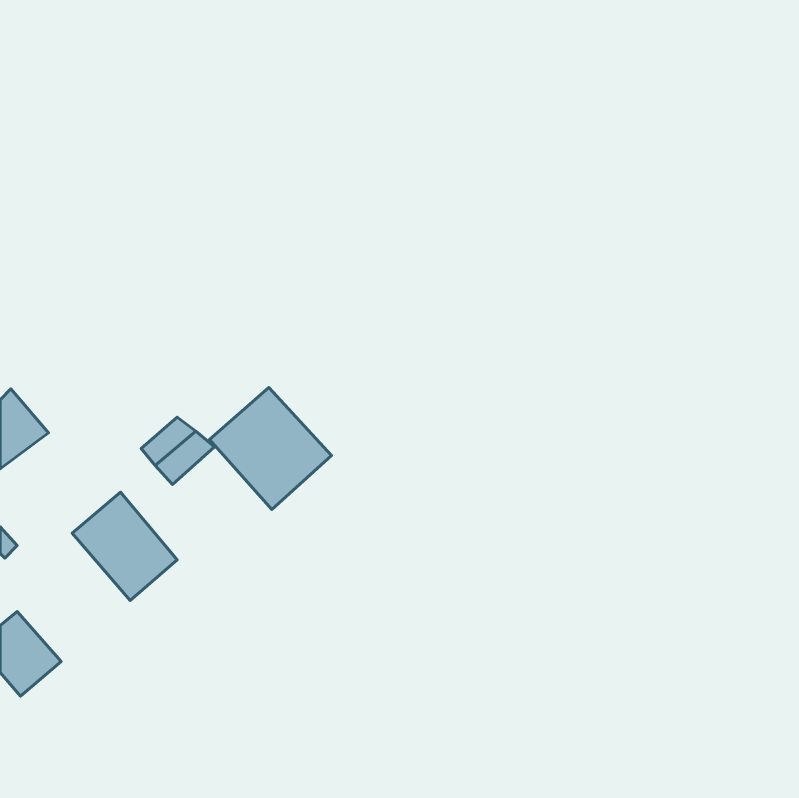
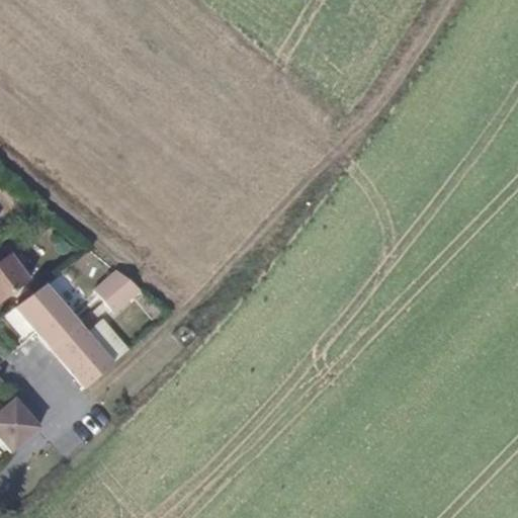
building: [210,387,331,510] -> none
building: none -> [17,284,79,344]

